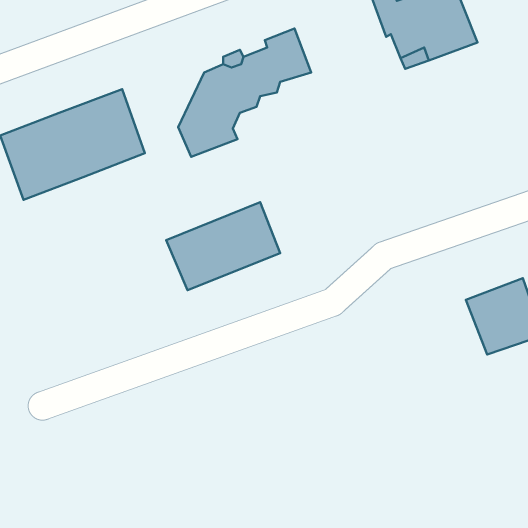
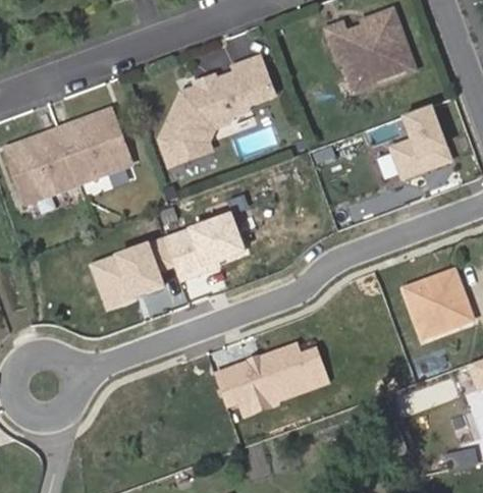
building: none -> [389,102,451,177]
building: none -> [89,240,167,308]
building: none -> [214,333,332,420]

